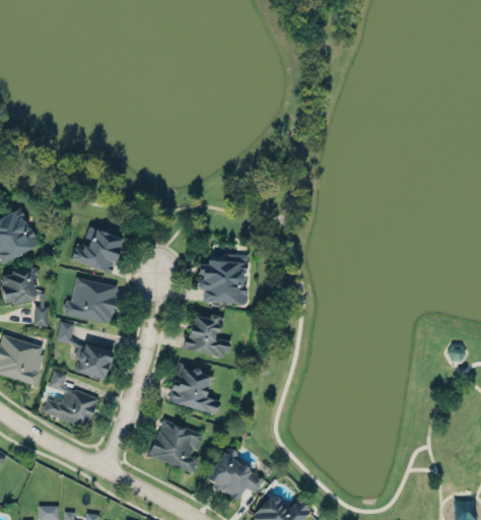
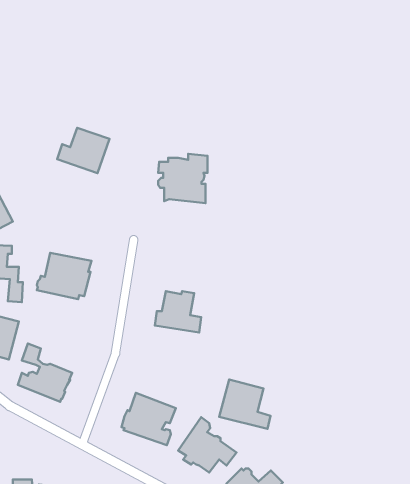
building: [70,229,123,274] -> [57,128,110,173]
building: [197,253,247,303] -> [158,154,207,203]
building: [57,321,113,378] -> none
building: [167,366,219,415] -> [219,379,271,429]

